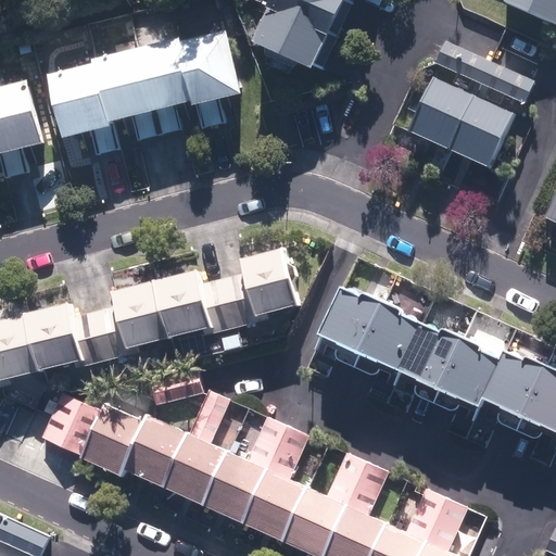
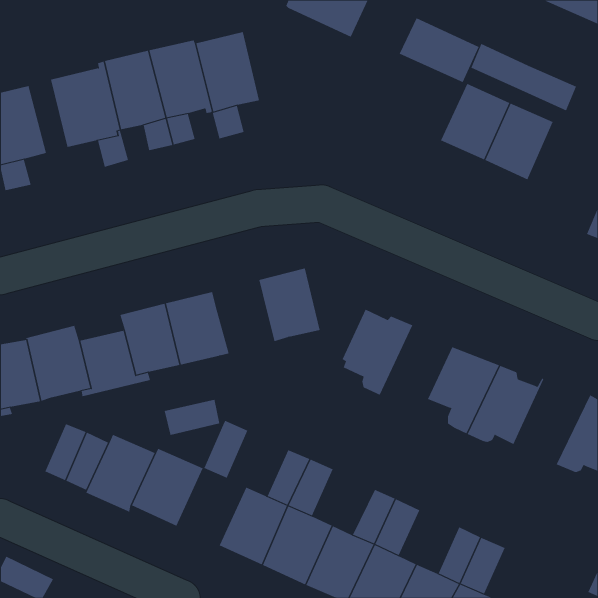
building: [251,8,326,68] -> [399,17,480,83]
building: [201,274,269,336] -> none
building: [353,302,419,375] -> none
building: [483,352,547,431] -> none
building: [164,434,228,506] -> none

